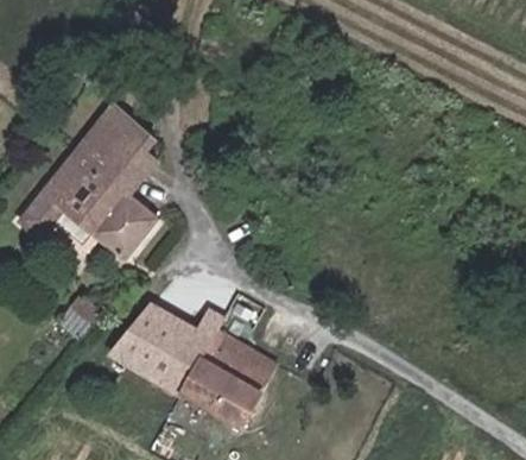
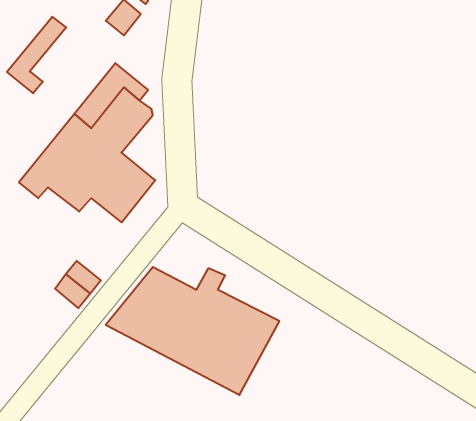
building: none -> [7,17,66,93]

